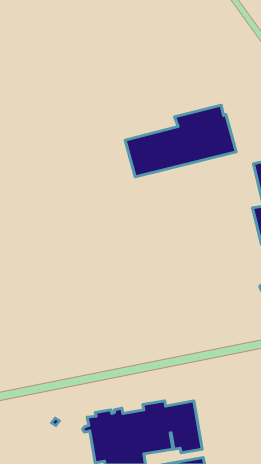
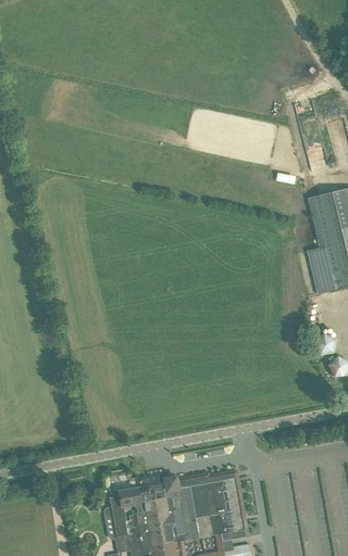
building: [125,105,236,177] -> none

